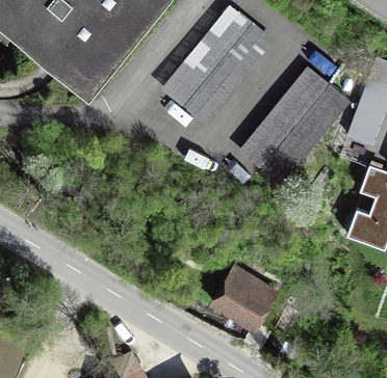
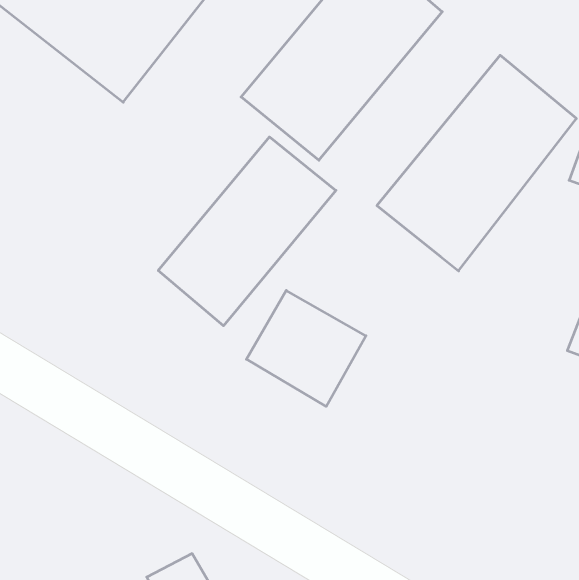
building: none -> [158,137,336,326]
building: [209,267,278,333] -> [246,290,366,406]

